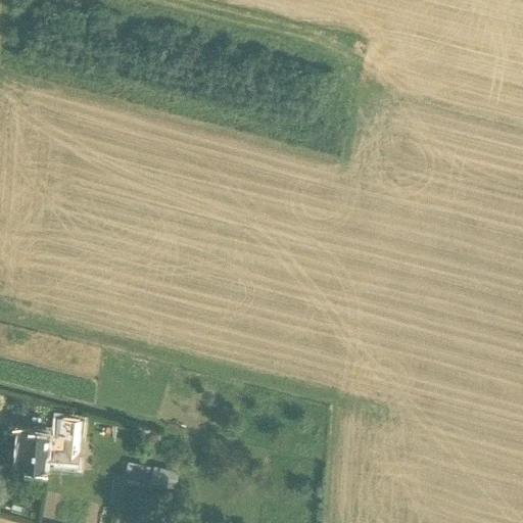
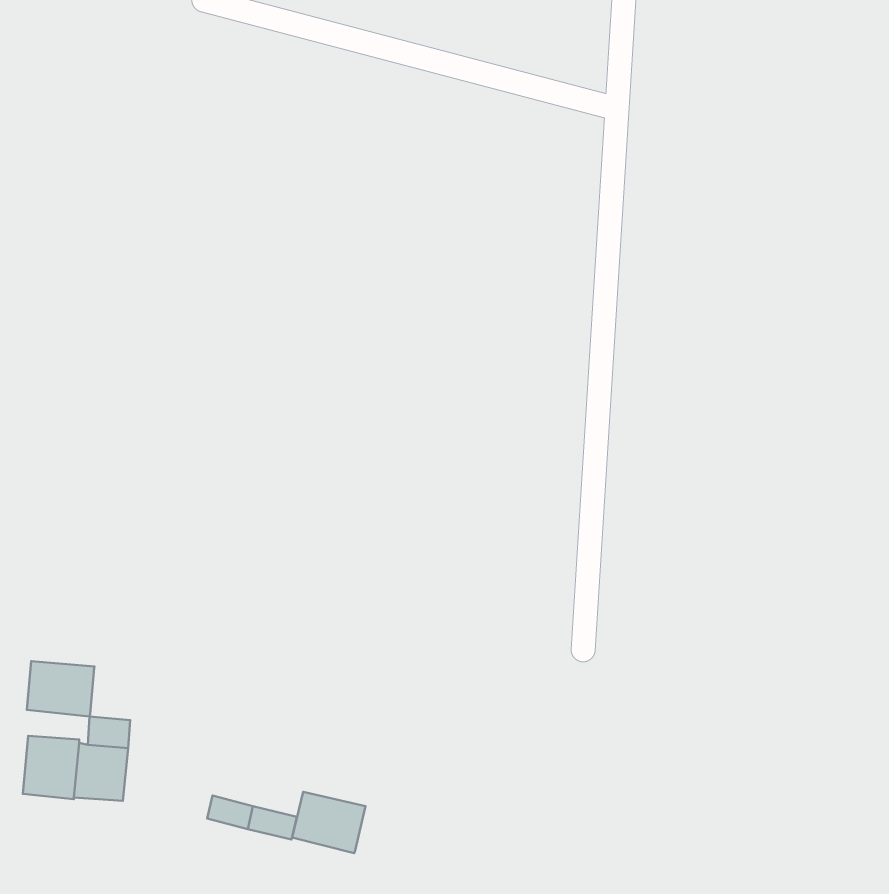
building: none -> [27,661,94,717]
building: none -> [292,792,366,853]

